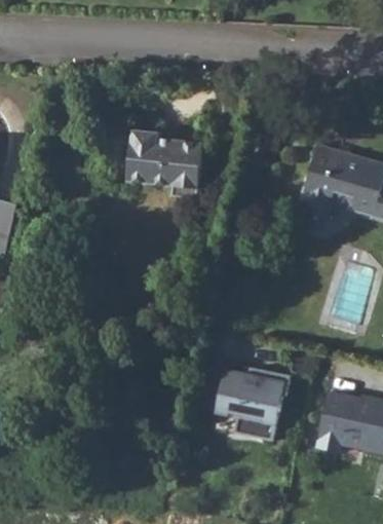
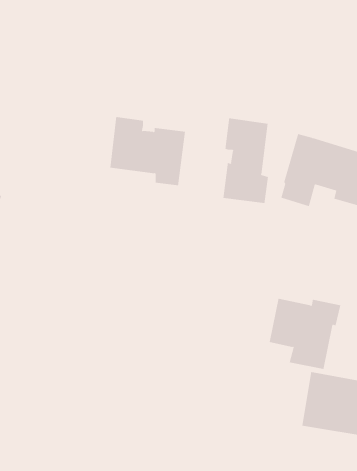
building: none -> [223,117,268,204]
building: [218,365,292,438] -> [269,298,341,369]

